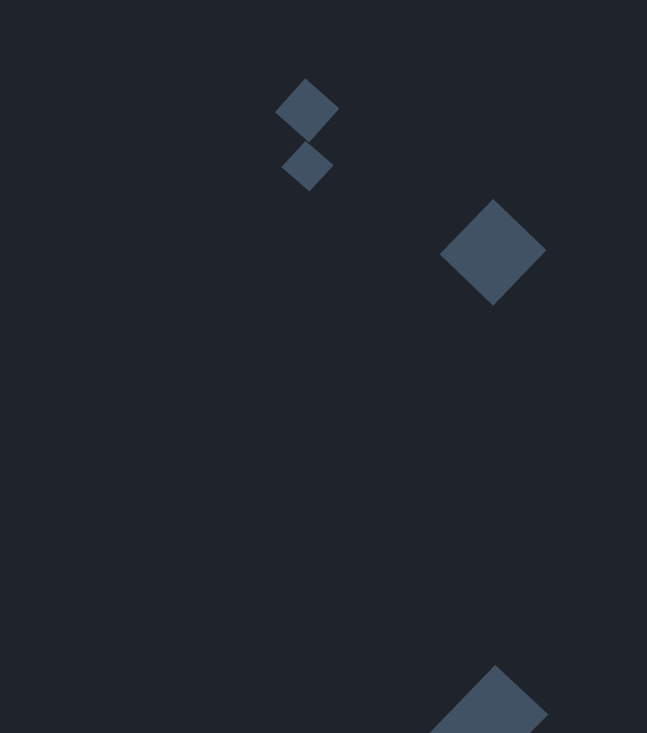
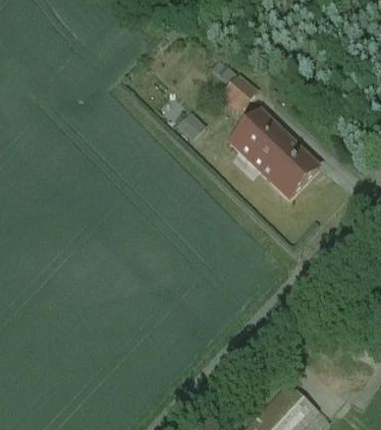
building: [274,77,340,143] -> [222,75,257,110]
building: none -> [231,121,289,168]

